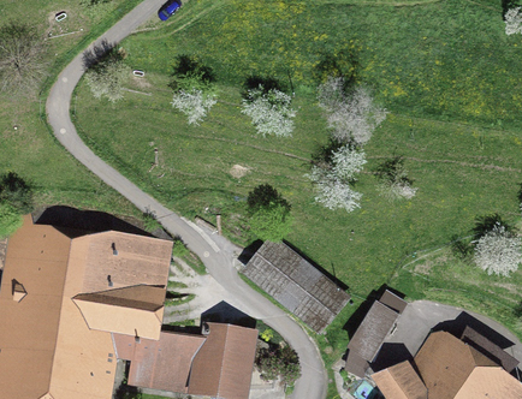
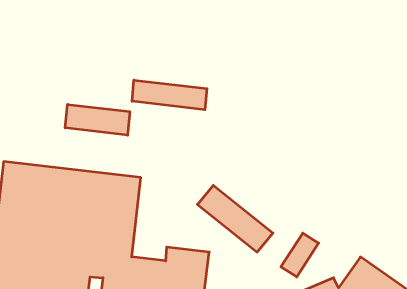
building: none -> [132,80,207,110]
building: none -> [65,104,130,135]

